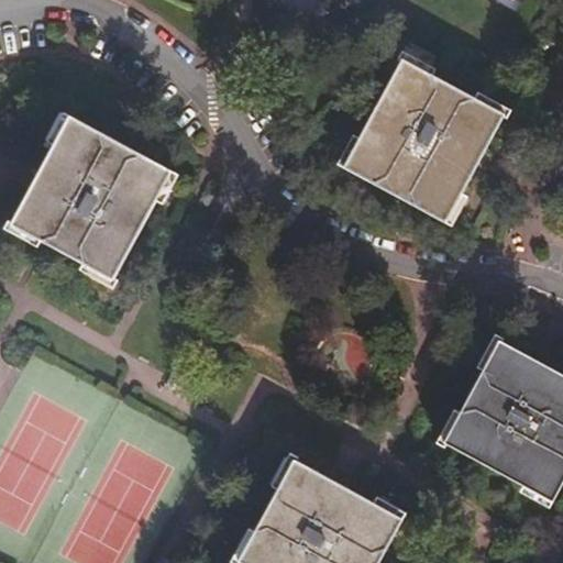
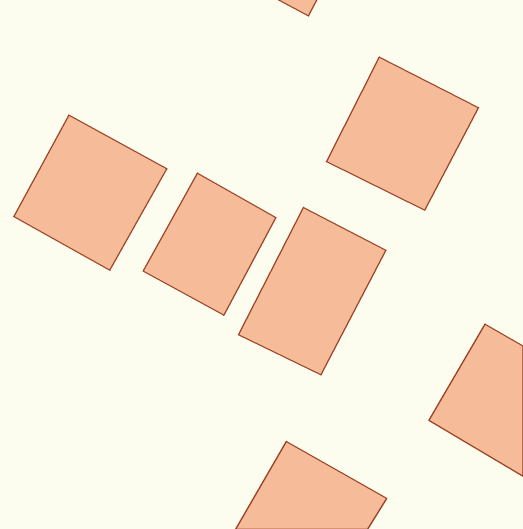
building: none -> [143,173,276,315]
building: none -> [239,207,386,375]

